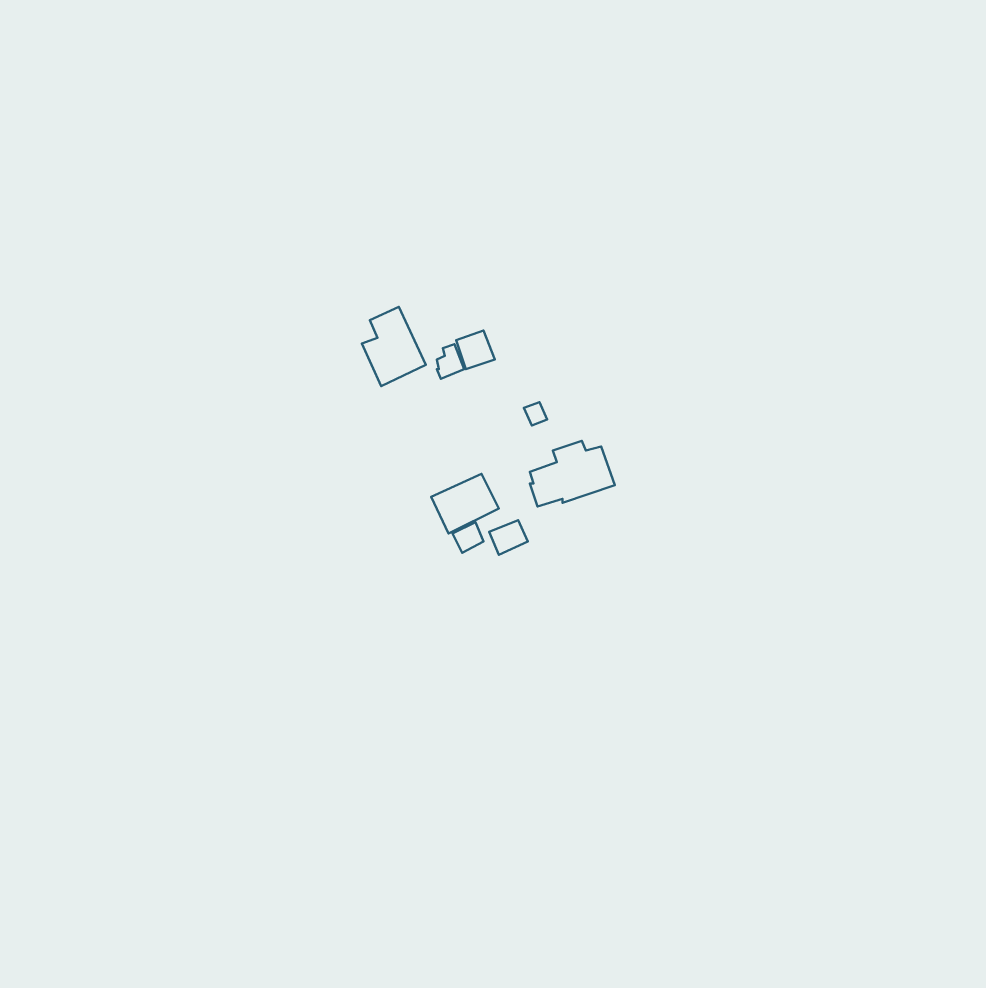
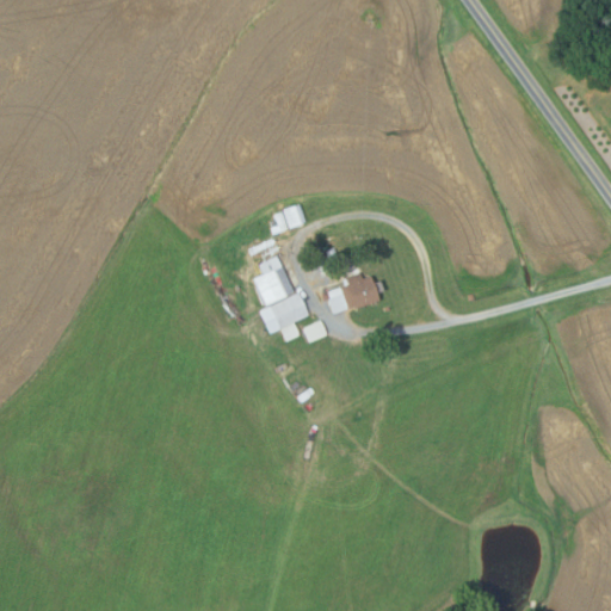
building: [362,307,426,386] -> [253,255,292,304]

